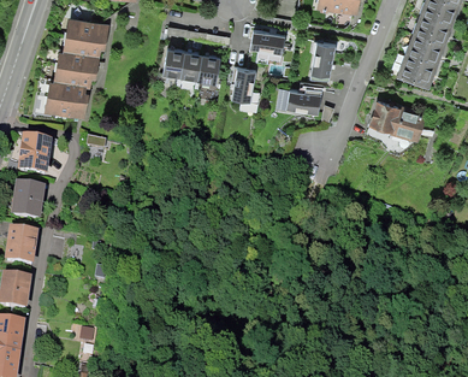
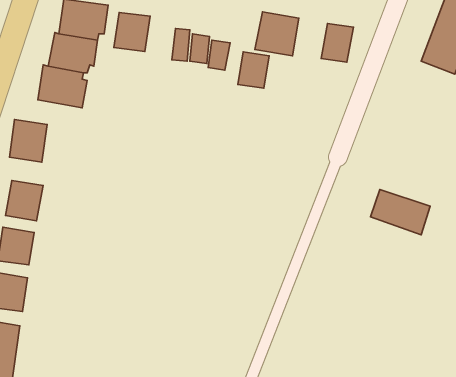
building: none -> [114,12,150,51]
building: [284,89,321,114] -> none
building: [368,100,423,142] -> [371,189,430,235]

